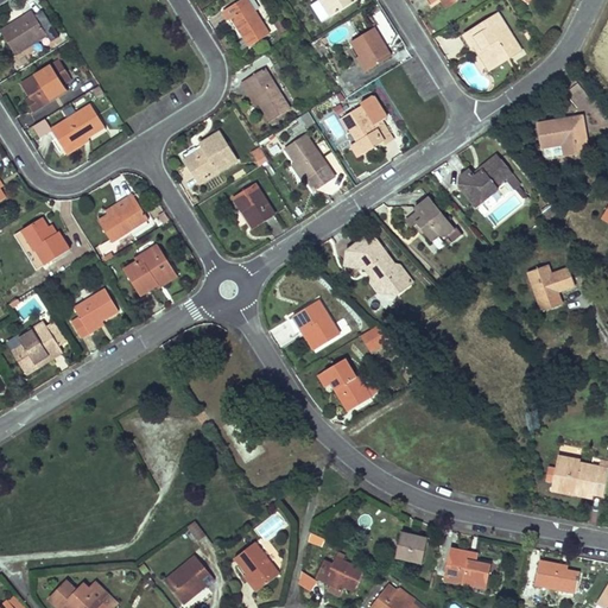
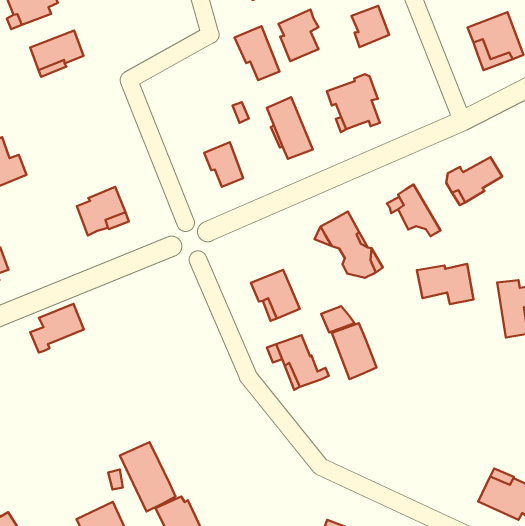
building: none -> [279,10,319,61]
building: [178,133,233,184] -> none
building: [91,198,140,246] -> none
building: none -> [417,264,474,304]
building: [61,291,112,343] -> [30,304,84,352]
building: none -> [332,323,376,379]
building: none -> [120,442,176,512]

